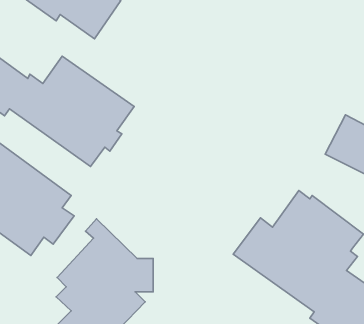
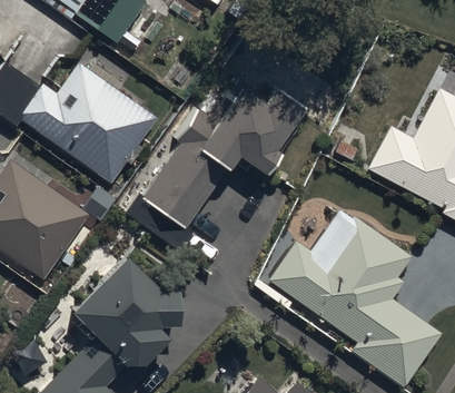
building: none -> [140,85,301,230]

